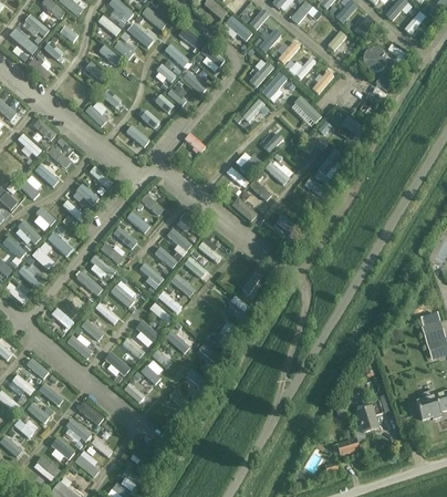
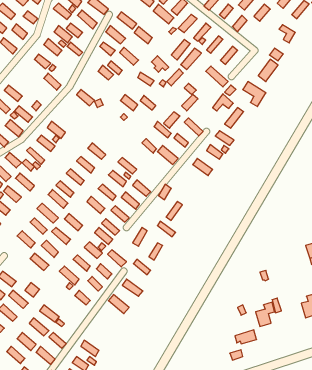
building: [362,45,386,70] -> none

